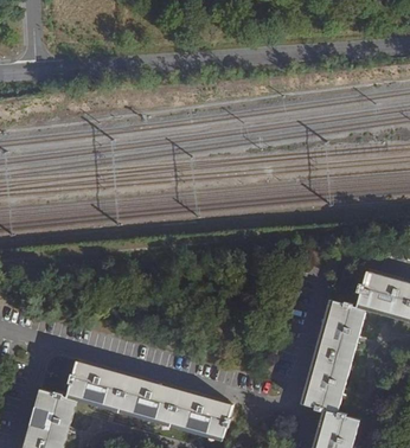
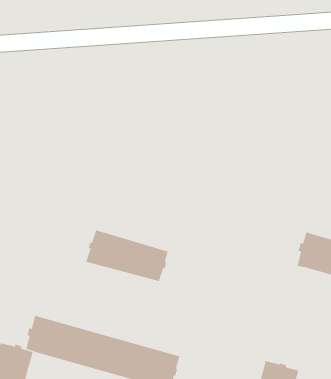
building: none -> [86,230,168,282]
building: [301,300,365,412] -> none

